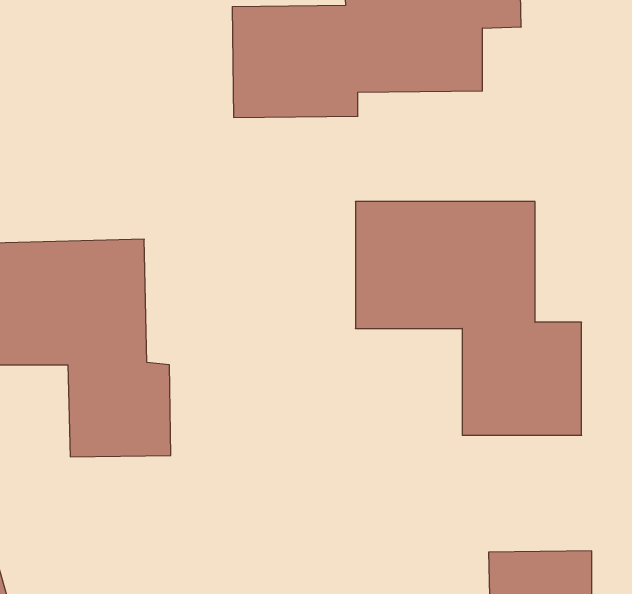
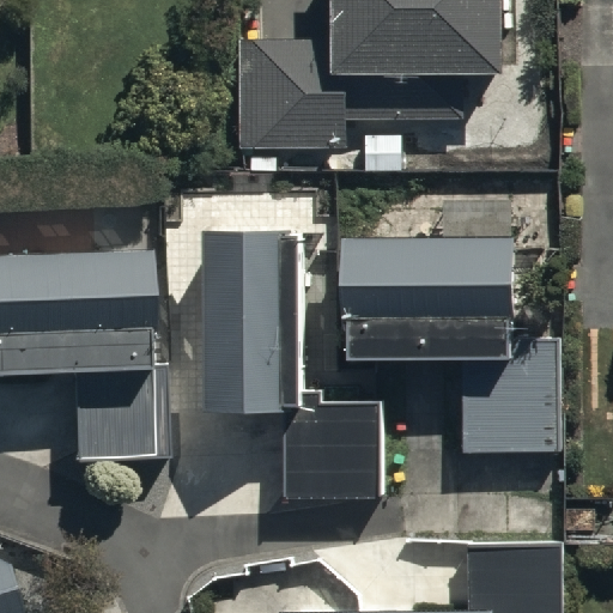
building: none -> [201,231,383,504]

